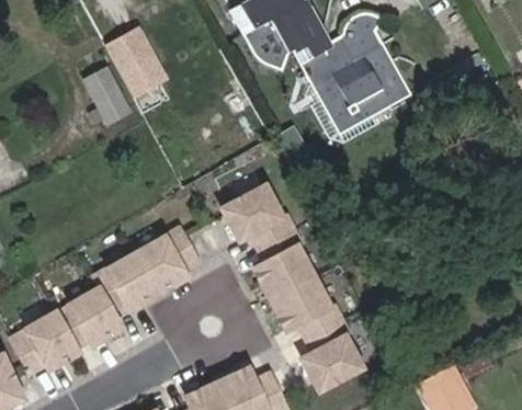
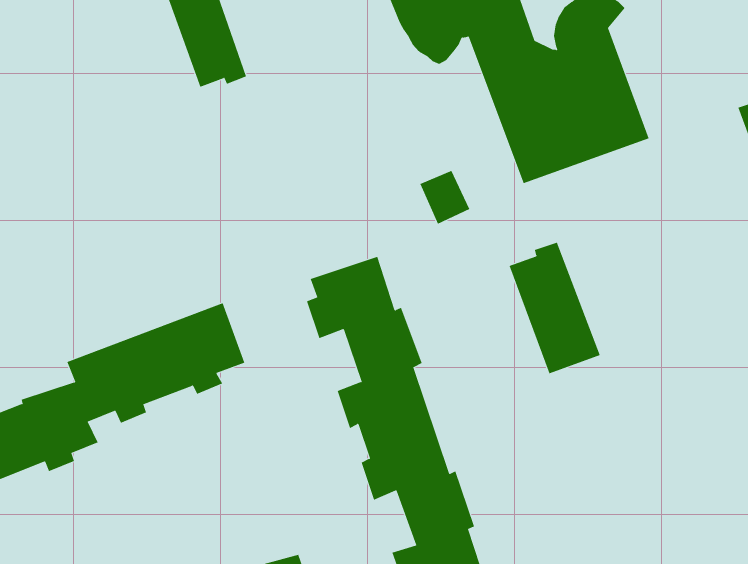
building: [84,66,133,124] -> none
building: none -> [509,242,601,374]

